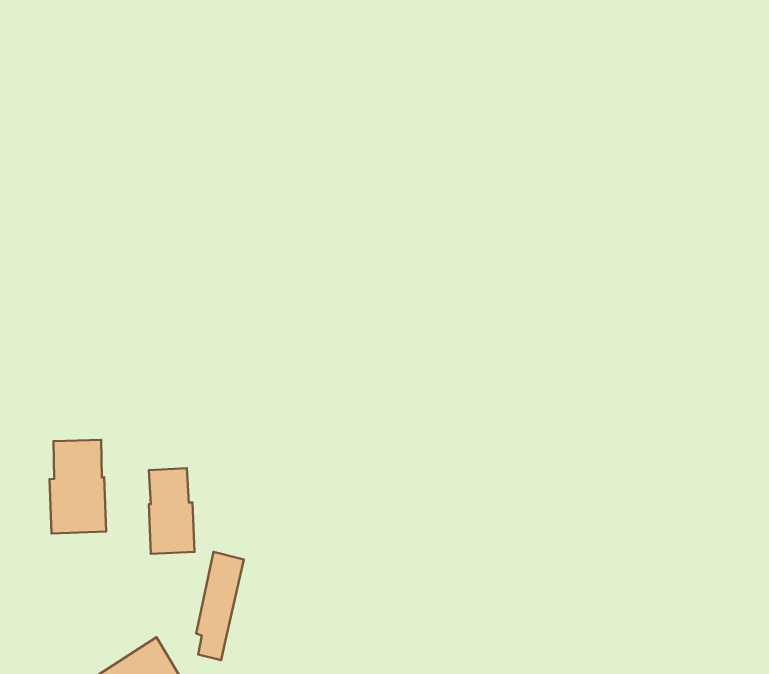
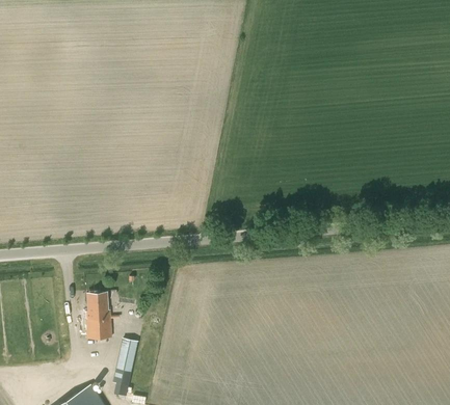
building: [50,440,106,533] -> none

